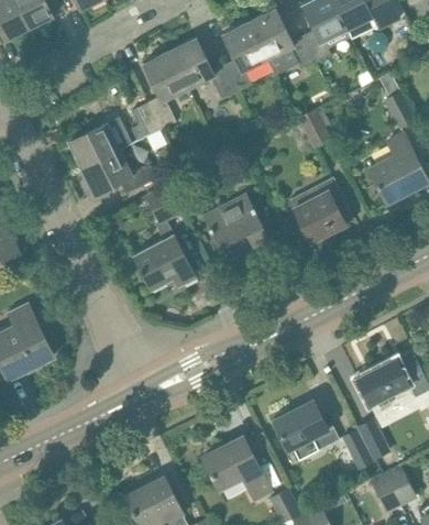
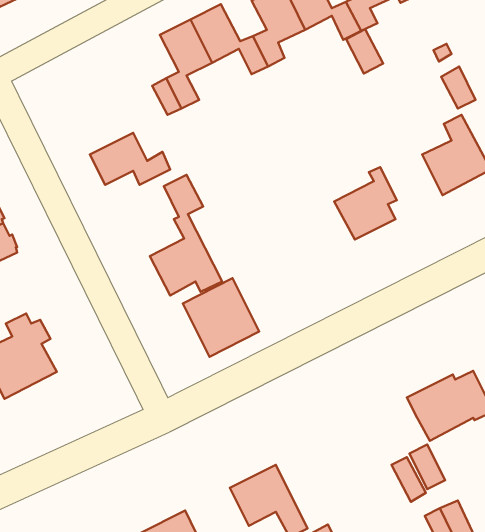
building: [298,109,330,147] -> [346,29,383,74]
building: [68,117,131,167] -> none
building: [202,193,268,261] -> [183,278,259,357]
building: [273,400,328,459] -> none

